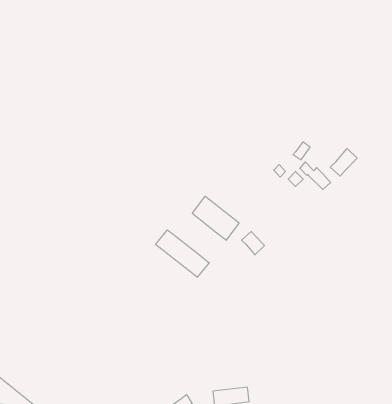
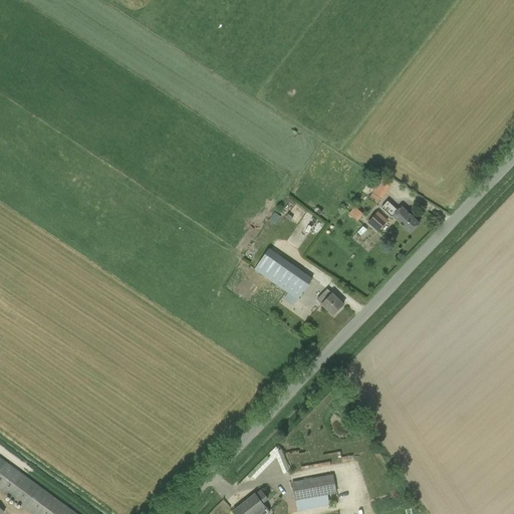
building: [330,148,357,176] -> none
building: [155,230,209,277] -> none

